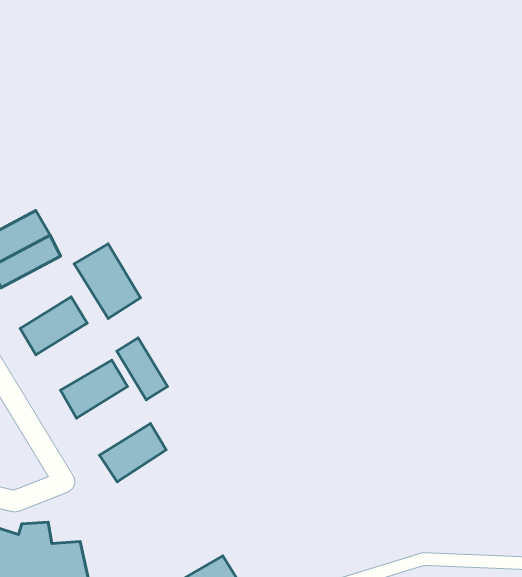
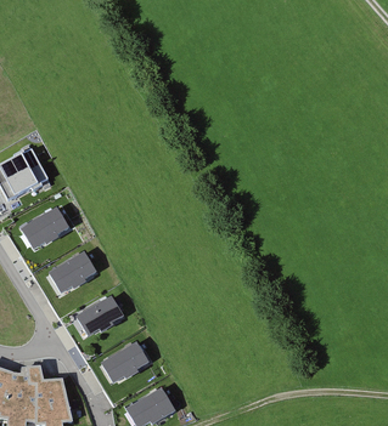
building: [74,244,140,318] -> none
building: [117,338,167,400] -> none
building: none -> [102,341,148,381]

